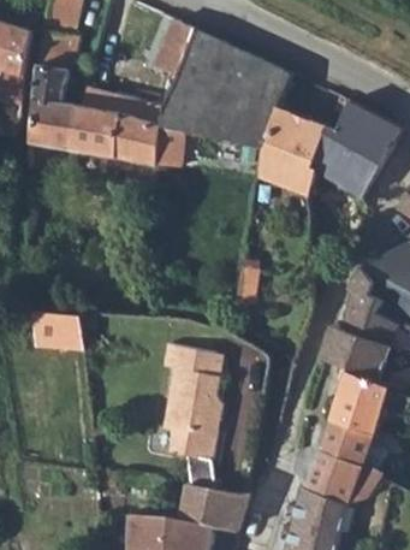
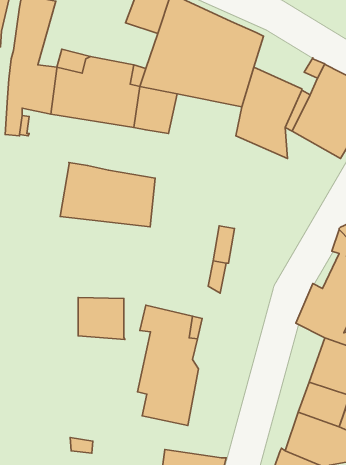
building: none -> [60,162,155,227]
building: [36,311,83,353] -> [78,297,125,340]

